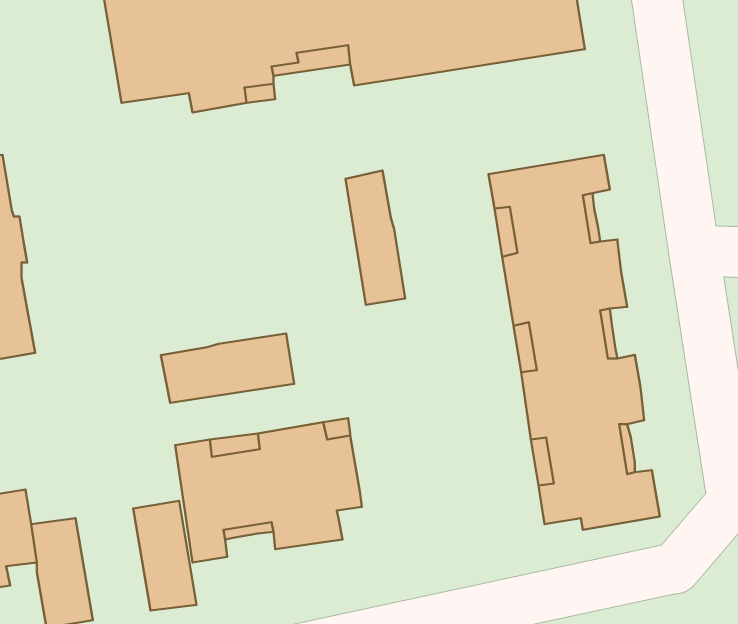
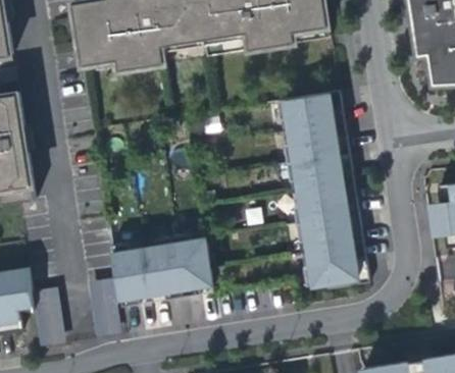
building: [345,171,405,305] -> none
building: [161,333,294,403] -> none

